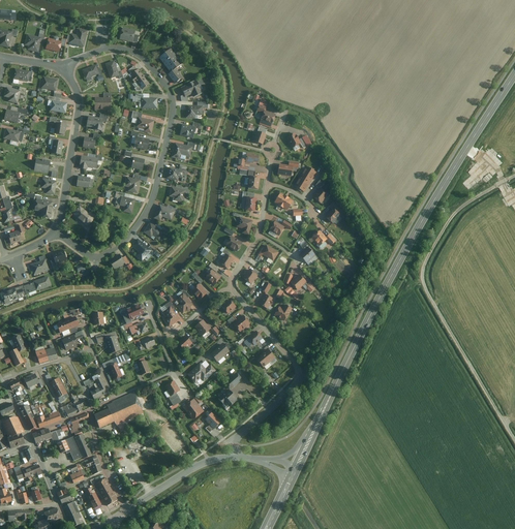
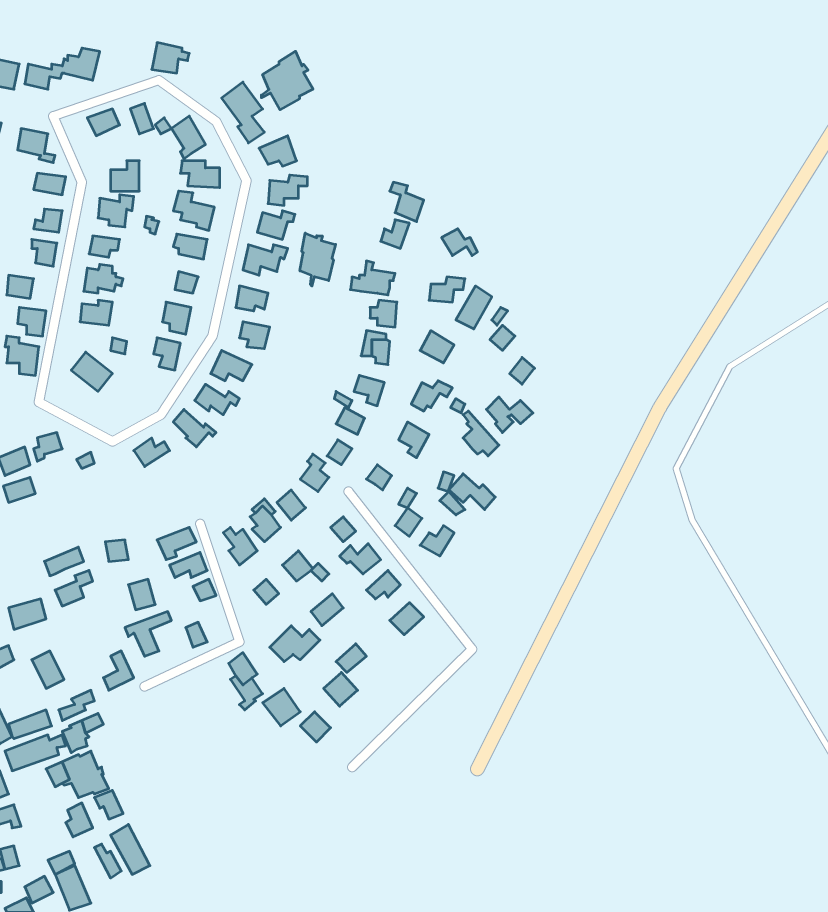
building: none -> [261,51,313,110]
building: none -> [300,233,336,286]
building: [93,392,144,428] -> none

